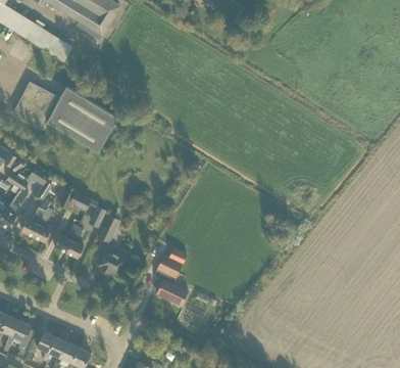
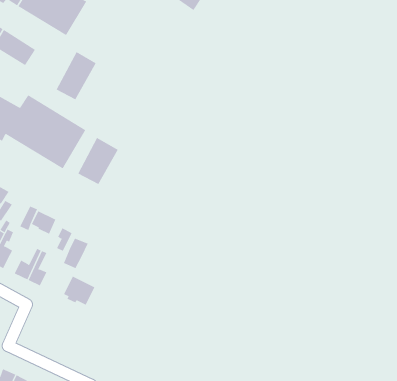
building: none -> [56,51,97,100]
building: none -> [78,137,118,185]
building: [155,248,188,305] -> none

